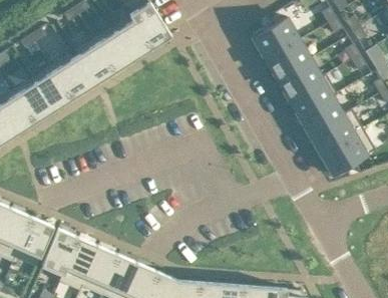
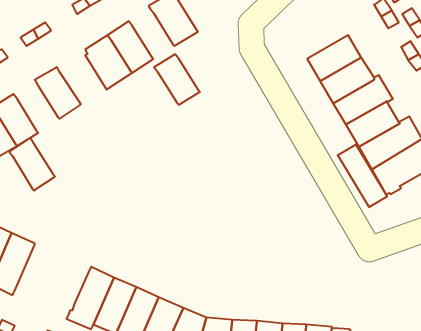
building: [111,15,150,58] -> [154,54,200,105]
building: [252,16,299,58] -> none
building: [50,53,92,97] -> none
building: [13,76,52,121] -> [9,138,55,191]
building: none -> [338,144,387,207]
building: [14,216,52,265] -> none
building: [40,227,79,276] -> none

